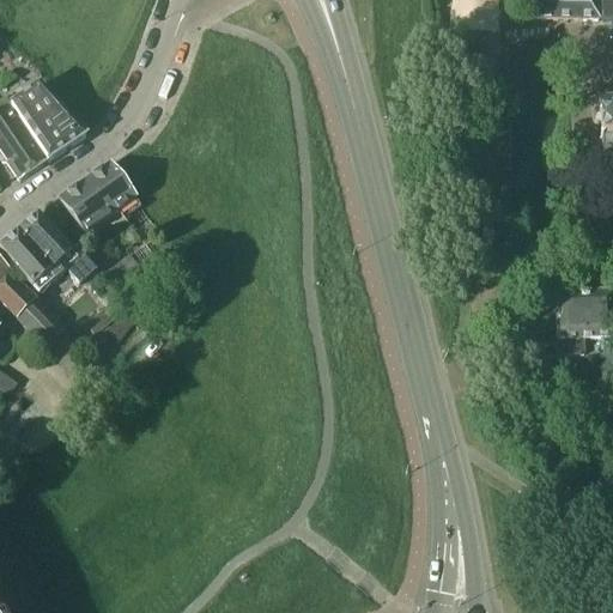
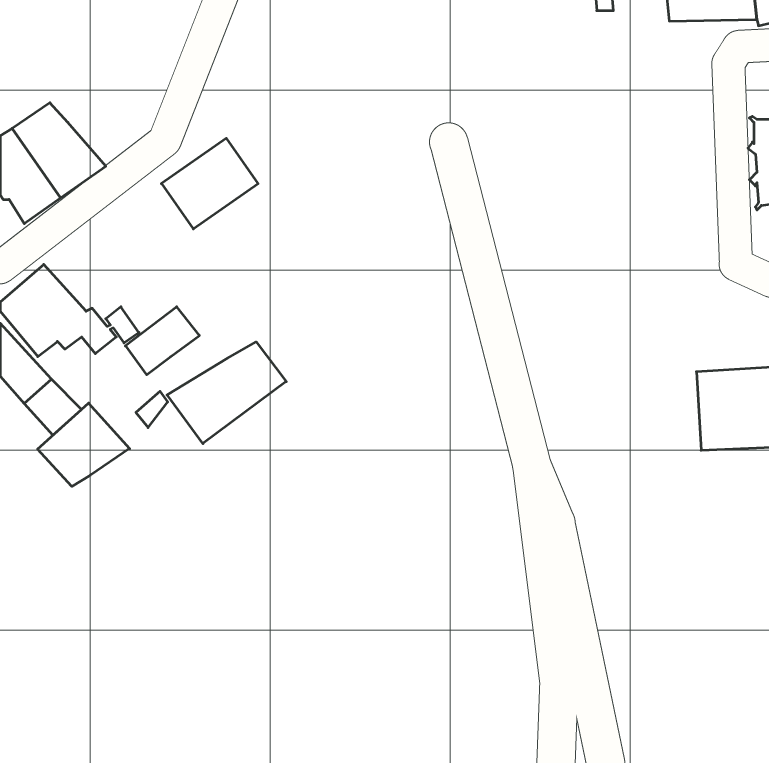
building: [60,159,136,231] -> [161,138,258,229]
building: none -> [167,342,286,444]
building: none -> [38,403,130,486]

